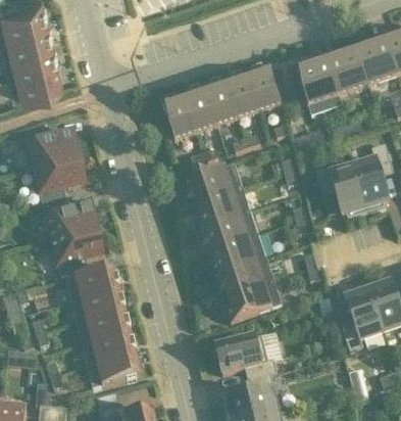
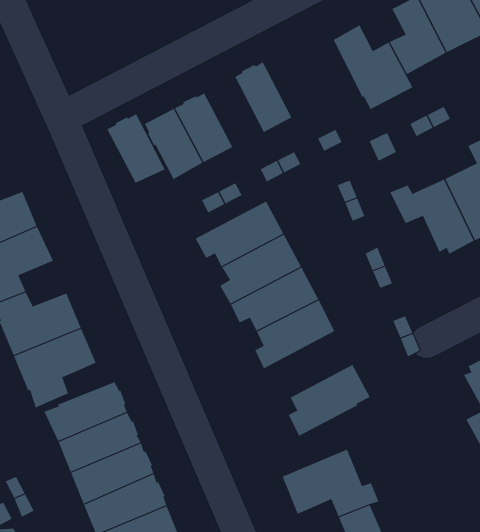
building: [246,64,281,111] -> none
building: [204,79,239,125] -> [107,114,166,184]
building: [214,256,273,295] -> none

